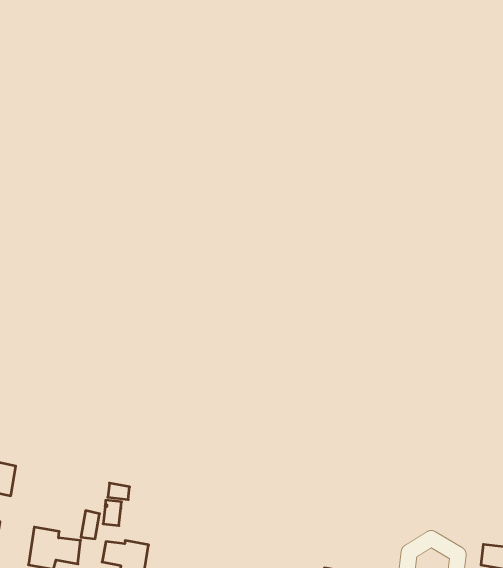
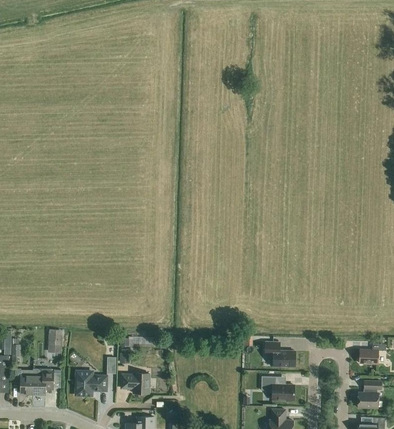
building: none -> [265,342,295,367]

